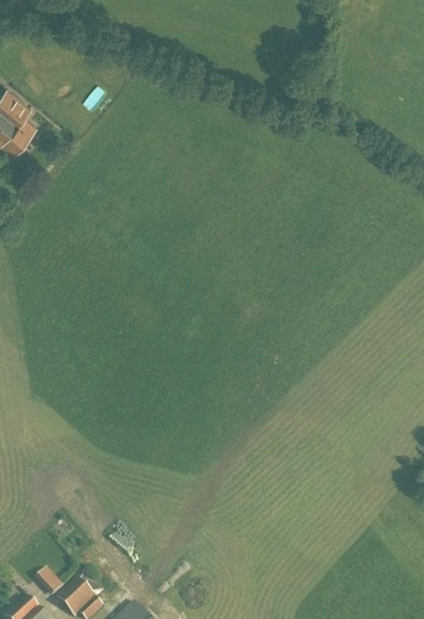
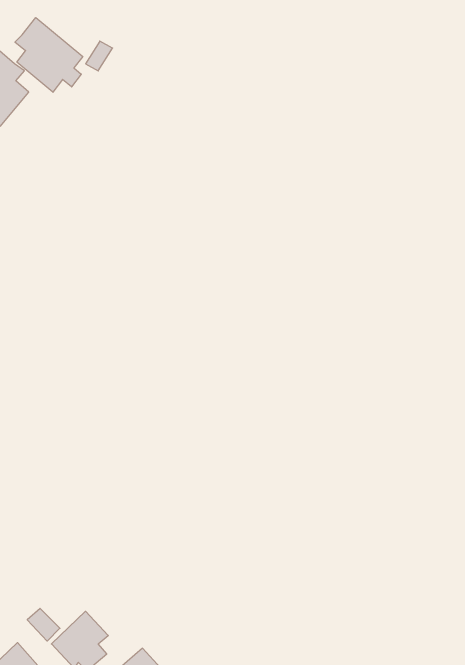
building: none -> [15,18,83,92]

